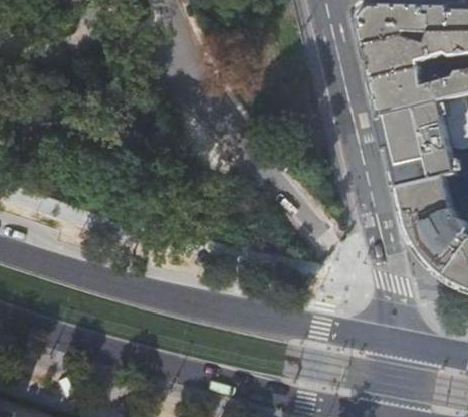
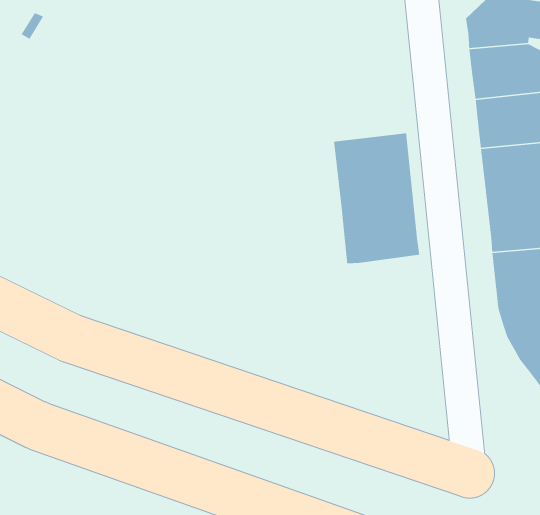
building: none -> [333,133,420,264]

